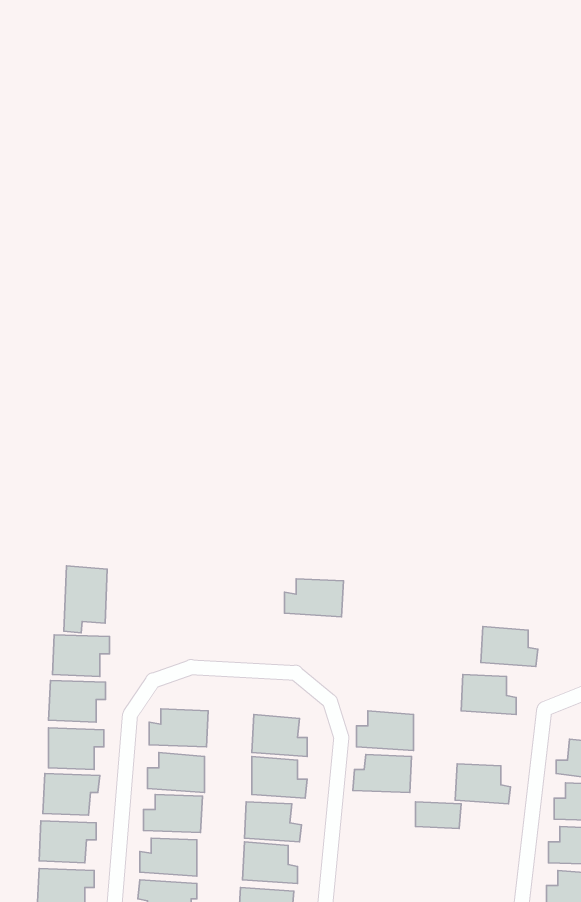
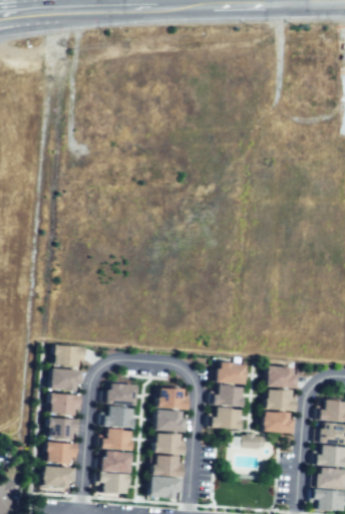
building: [64,566,107,633] -> none
building: [285,579,344,617] -> [215,362,246,382]
building: [481,627,538,666] -> [266,390,296,411]

